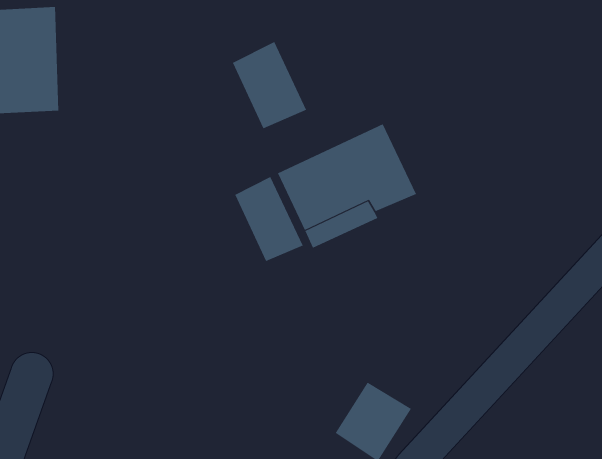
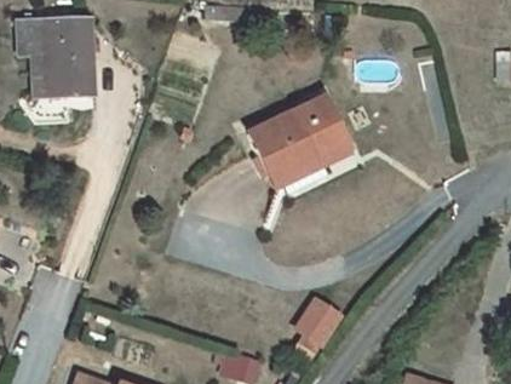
building: [232,41,307,129] -> none
building: [234,176,303,262] -> none

